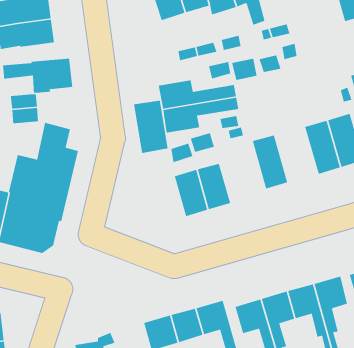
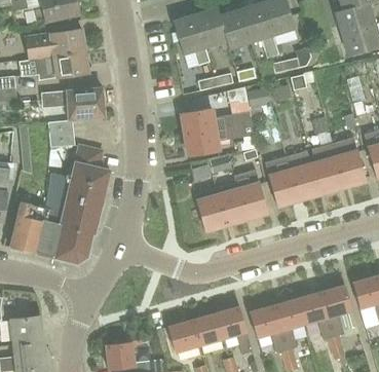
building: [133,100,168,154] -> none
building: none -> [286,150,318,199]
building: none -> [233,170,268,218]

